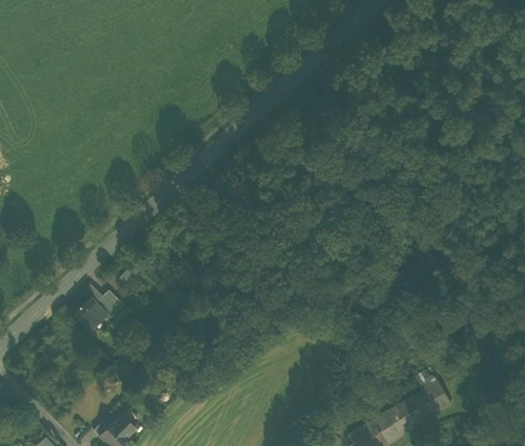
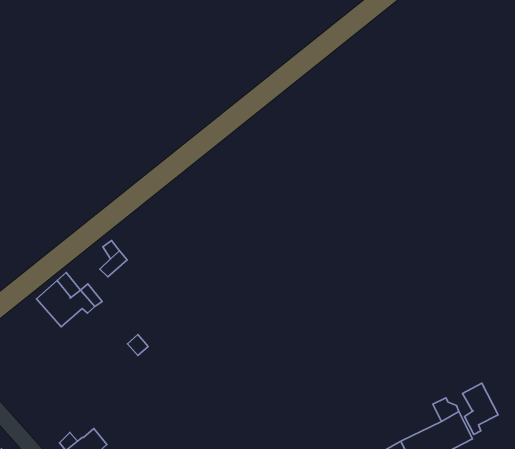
building: none -> [462,383,498,435]

